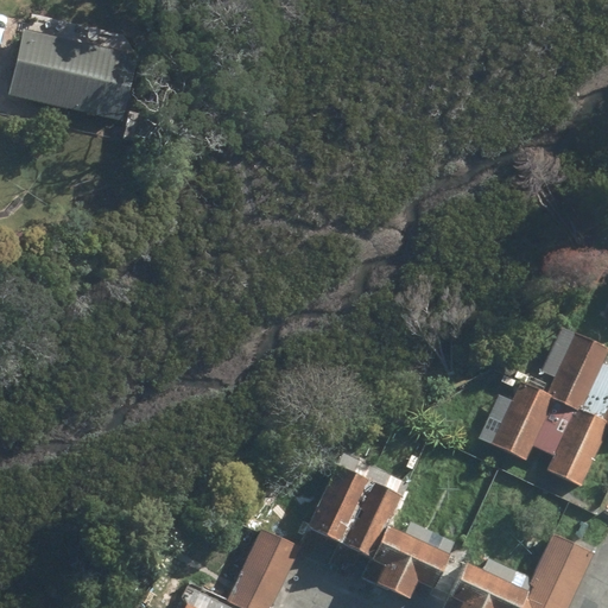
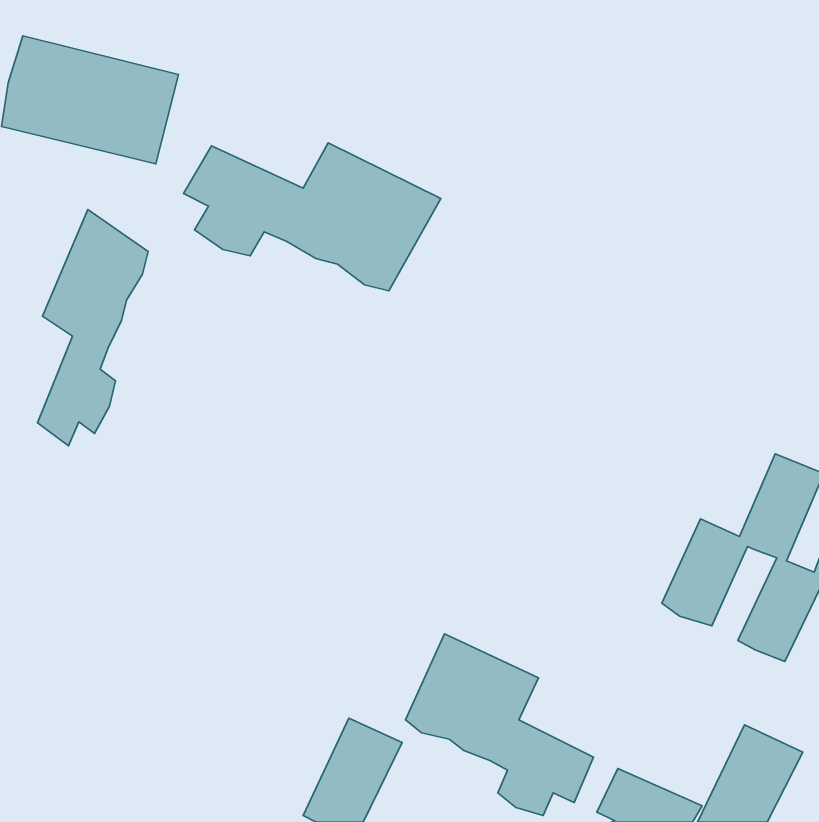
building: none -> [183,143,441,291]
building: none -> [37,210,148,446]

